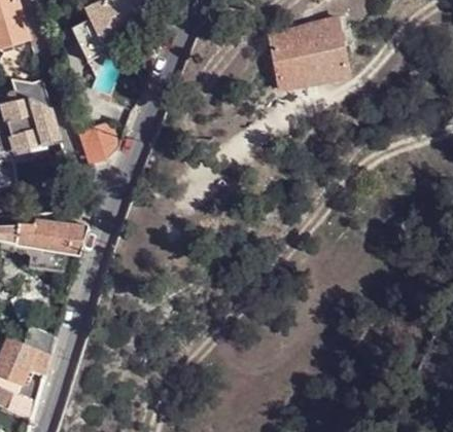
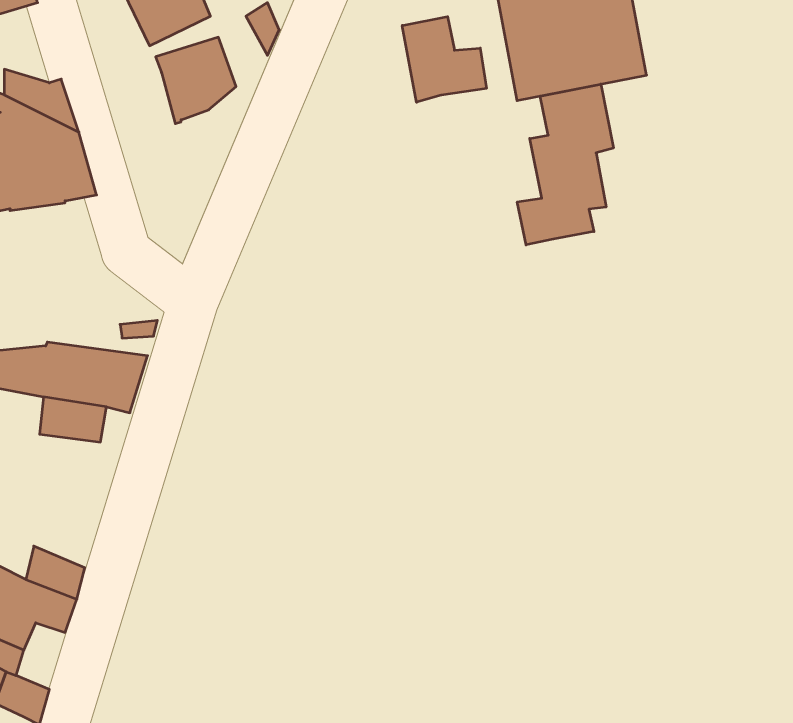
building: none -> [402,17,486,102]
building: none -> [517,84,613,245]
building: [75,121,117,167] -> [156,37,236,124]

